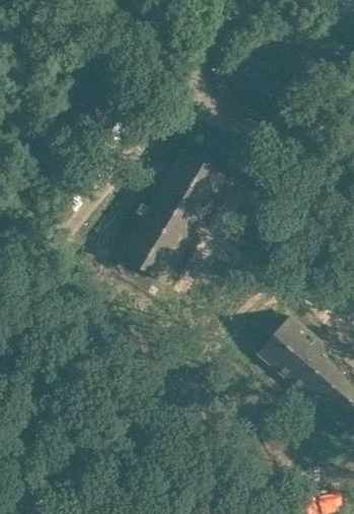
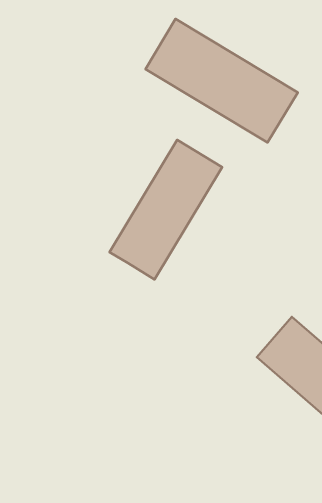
building: none -> [145,19,298,143]

